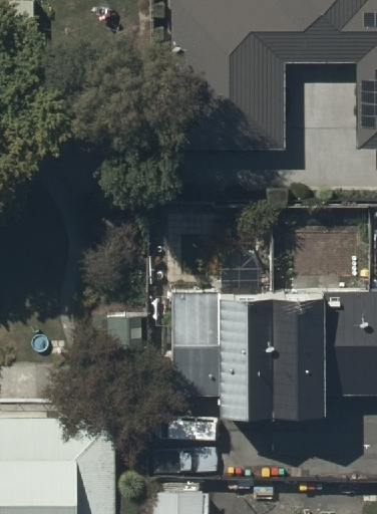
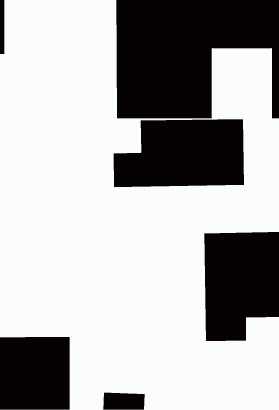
building: none -> [113,118,244,188]
building: [173,291,279,426] -> none

